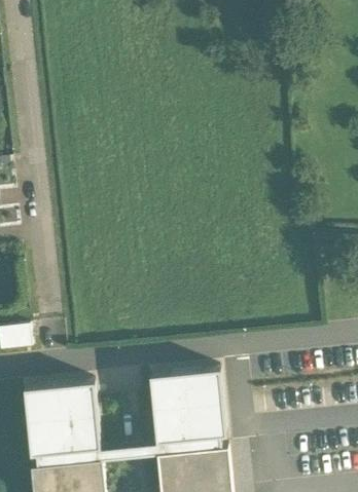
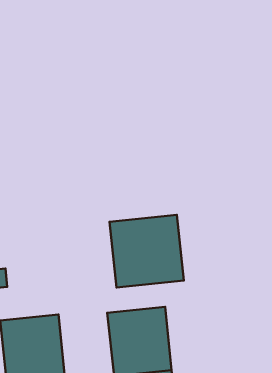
building: none -> [110,215,184,287]

